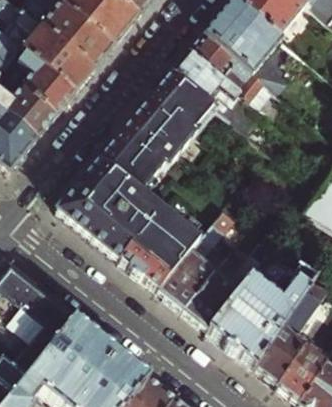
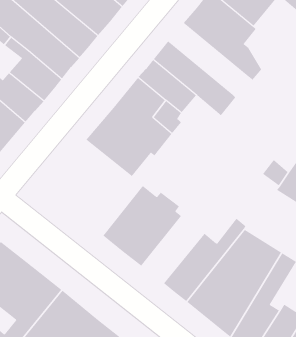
building: [190,29,276,106] -> none
building: [58,154,163,257] -> none
building: [162,209,238,308] -> none

